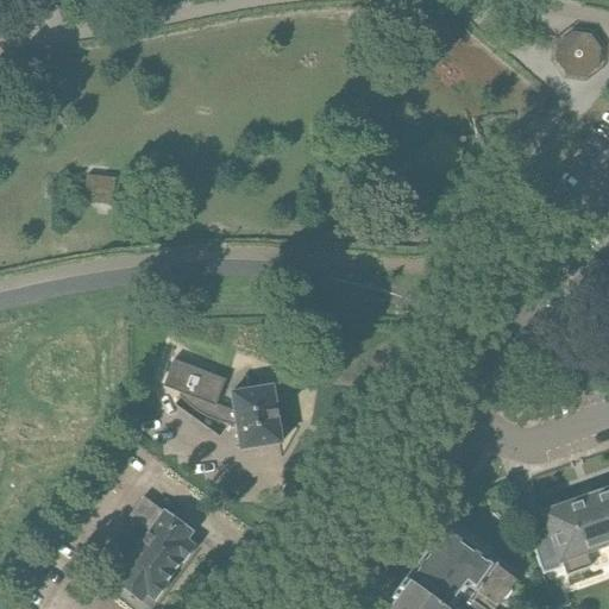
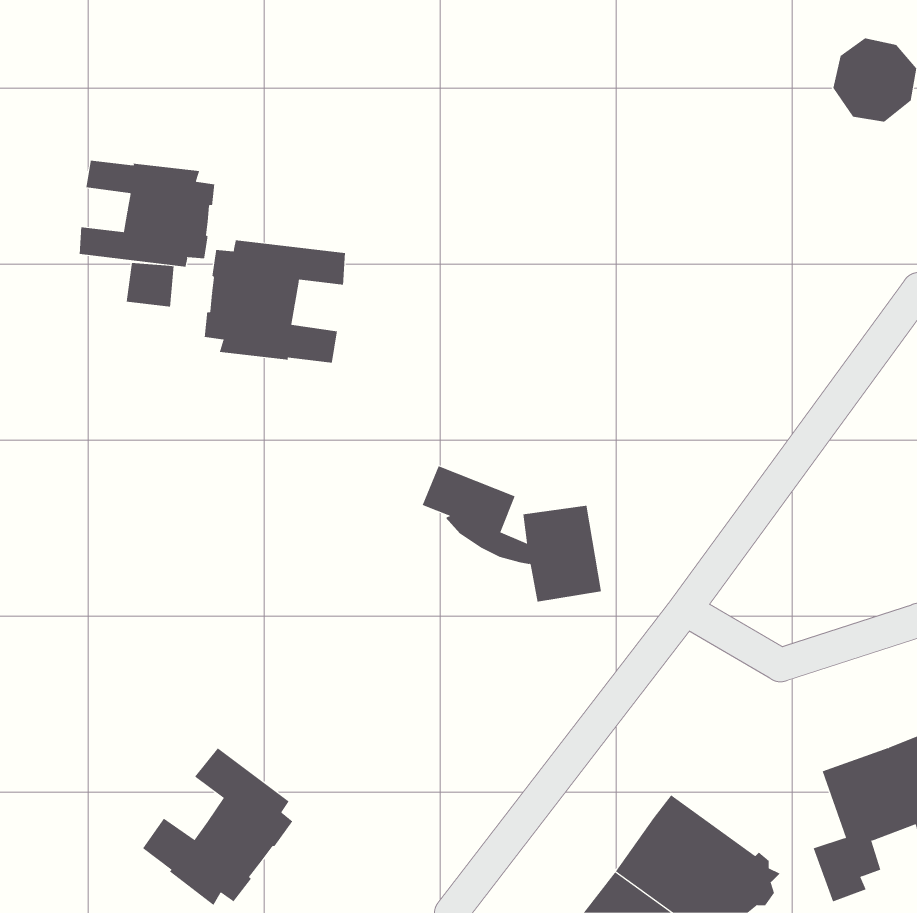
building: none -> [79,160,215,267]
building: none -> [204,239,346,363]
building: [164,358,283,448] -> [422,466,602,602]

